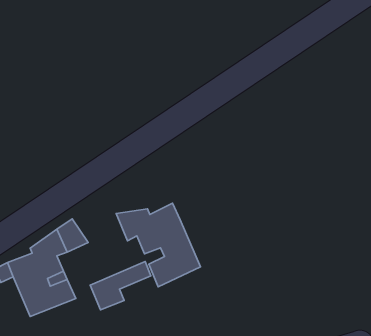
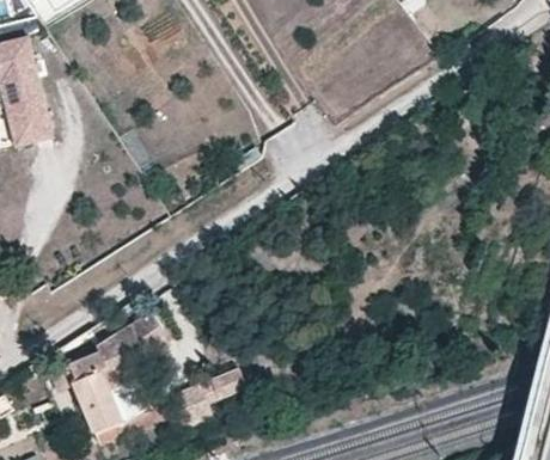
building: [116,203,201,287] -> none

